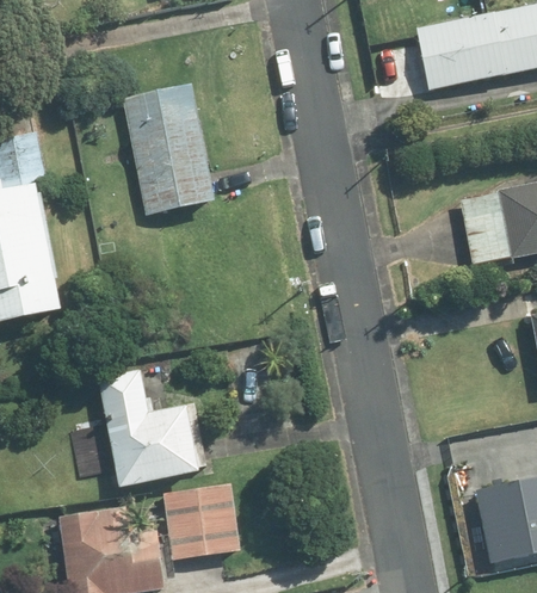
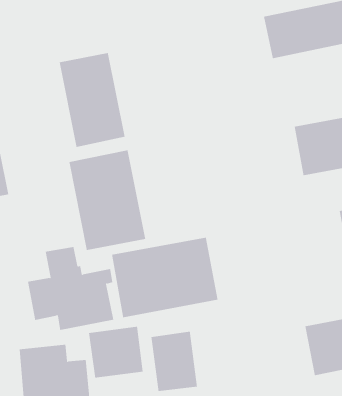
building: none -> [69,150,146,251]
building: none -> [112,237,218,318]
building: none -> [151,331,197,392]

